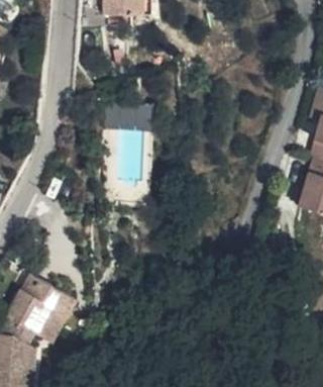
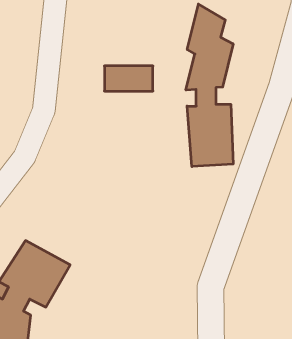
building: none -> [186,4,233,167]

